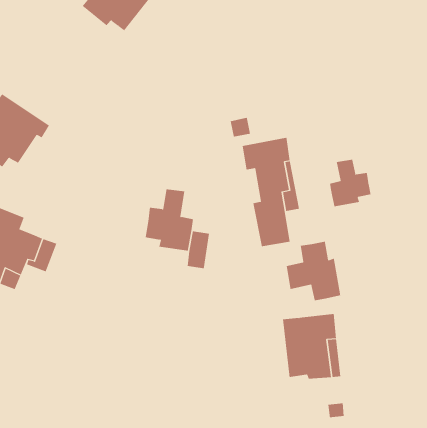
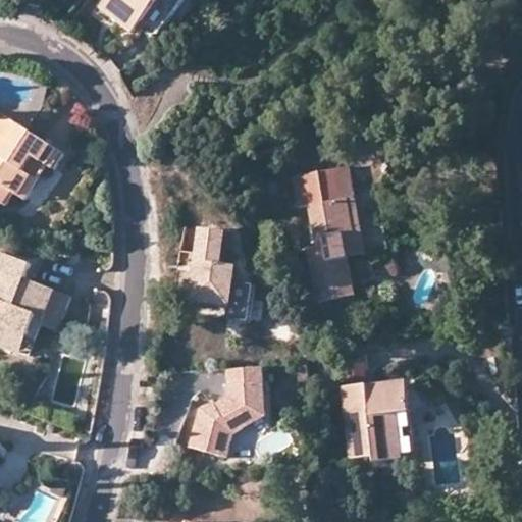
building: [329,159,371,207] -> none
building: [286,241,341,301] -> none
building: none -> [188,366,265,457]

